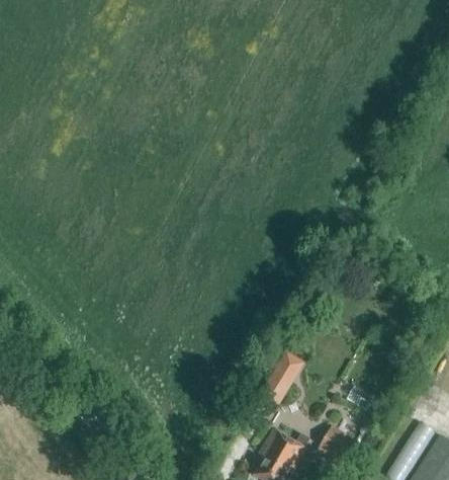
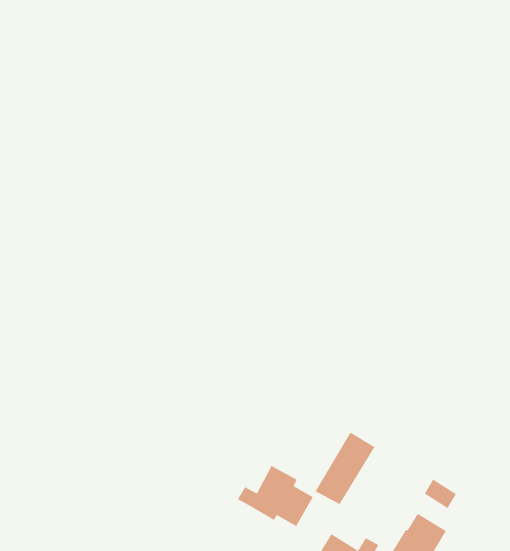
building: none -> [237,465,314,527]

